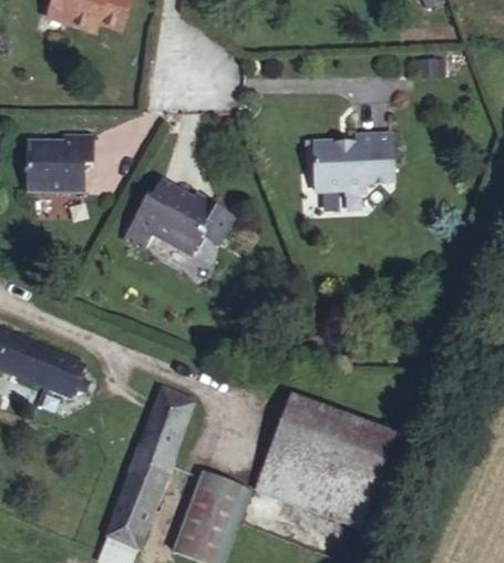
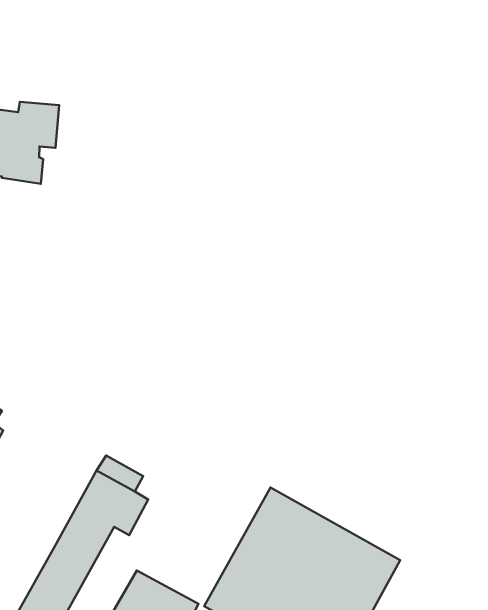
building: [310,133,395,190] -> none
building: [122,177,234,252] -> none

